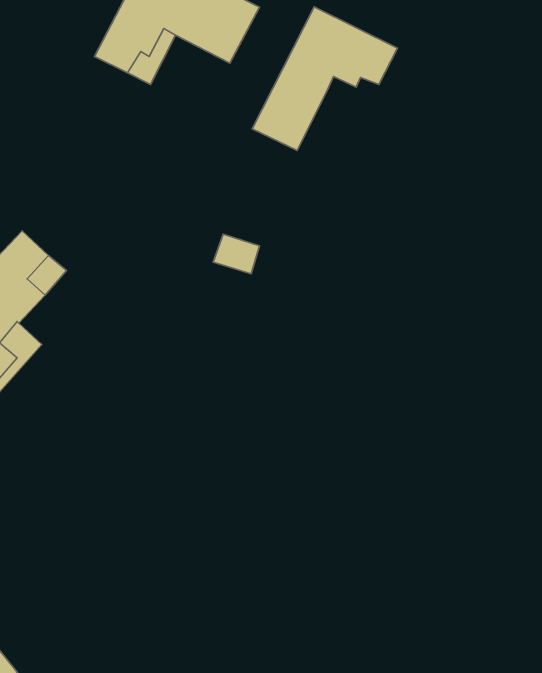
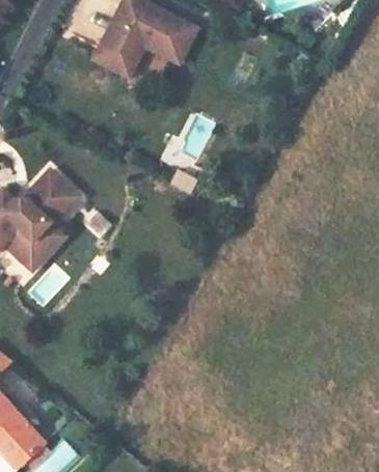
building: [252,7,398,150] -> none

